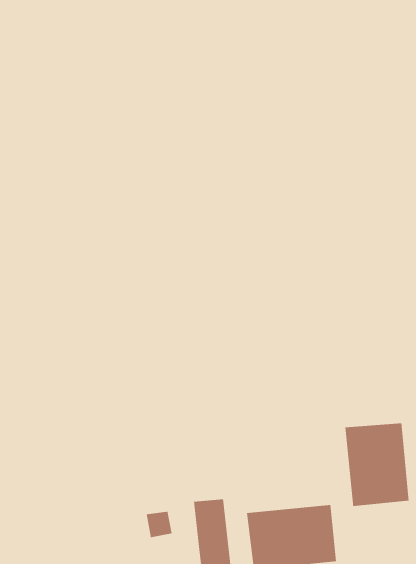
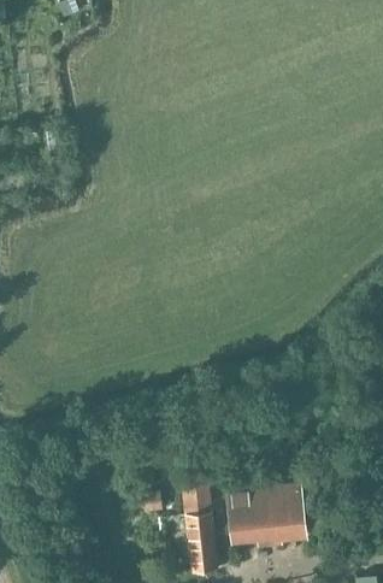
building: [345,422,409,507] -> none

